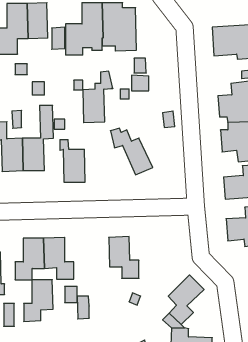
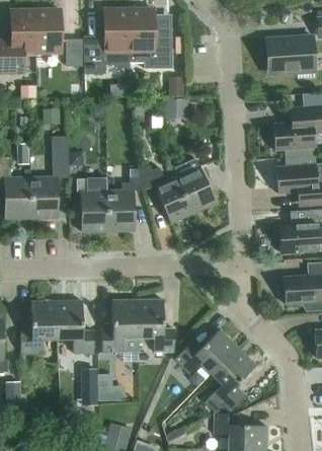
building: [83,71,113,123] -> [107,167,145,231]
building: none -> [175,165,216,213]
building: none -> [175,328,238,373]
building: [24,280,53,321] -> [102,300,139,352]

